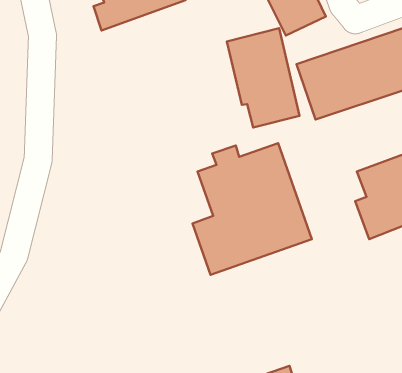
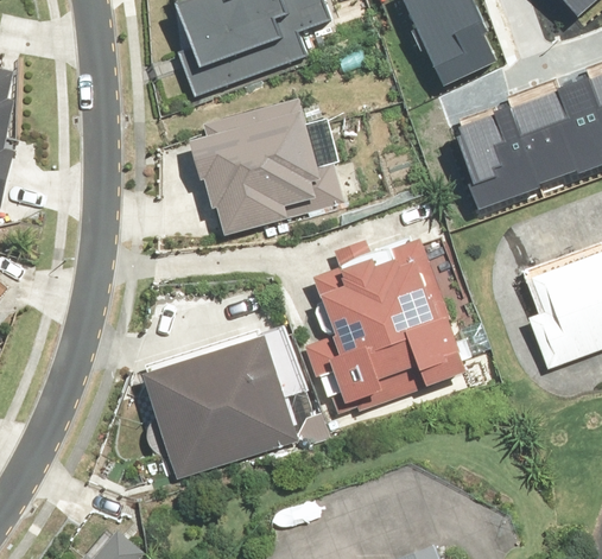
building: [227,28,300,127] -> none
building: none -> [196,99,328,235]
building: none -> [151,335,304,477]

